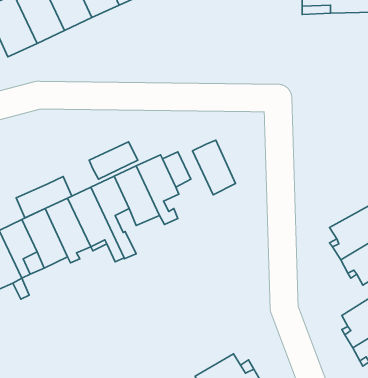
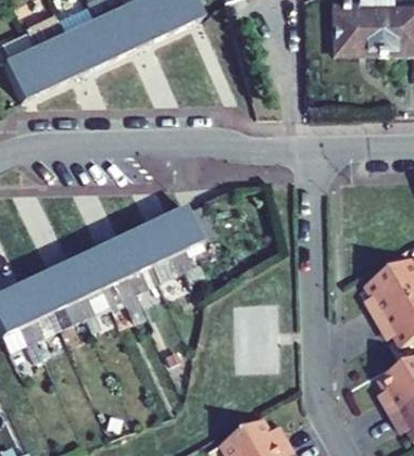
building: [193,140,236,195] -> none
building: [89,142,138,179] -> none
building: [16,176,72,218] -> none

